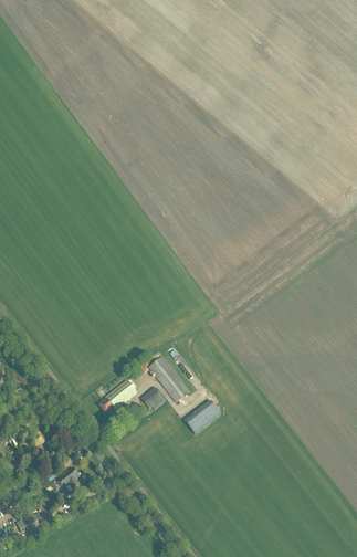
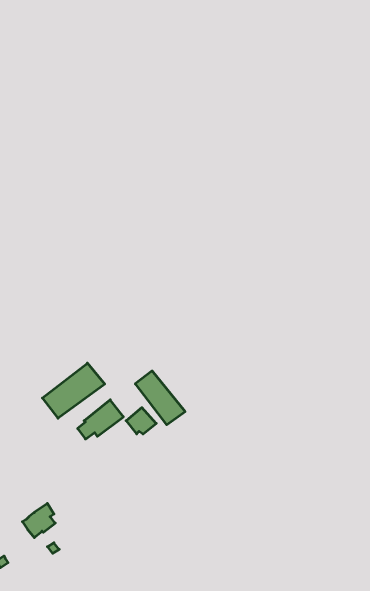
building: none -> [42,363,105,418]
building: [183,399,221,433] -> none

